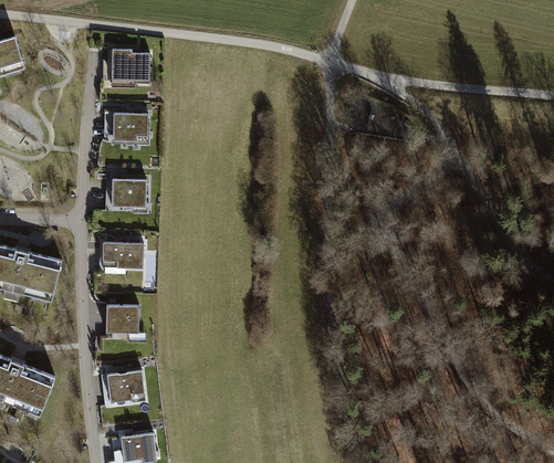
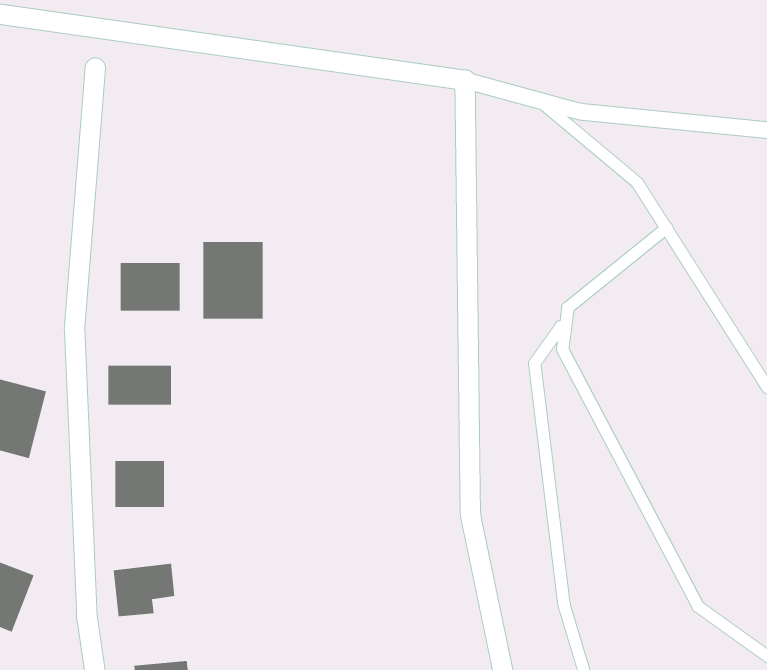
building: [108,48,148,87] -> none
building: [108,113,146,145] -> none
building: none -> [203,241,263,319]

